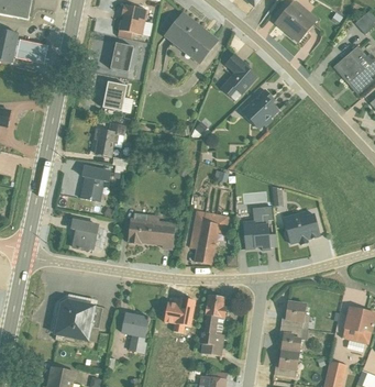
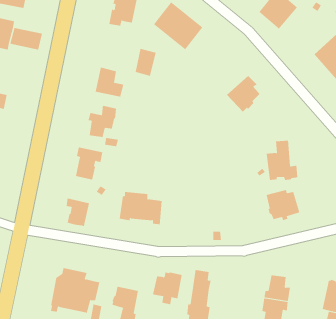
building: [110,42,133,71] -> [135,48,157,76]
building: [220,53,256,100] -> none
building: [242,206,276,248] -> [266,140,298,181]
building: [189,209,228,264] -> none

